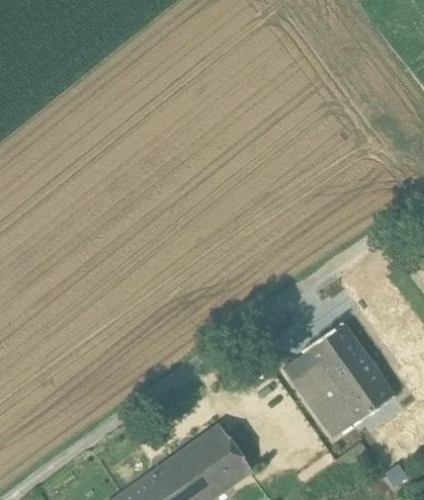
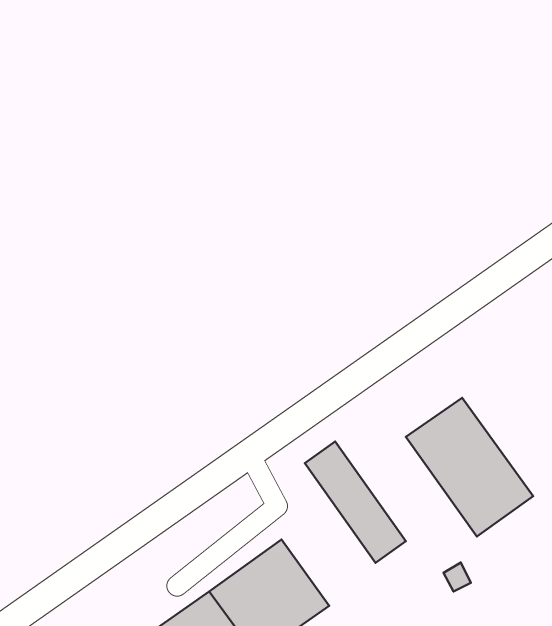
building: [283,353,354,438] -> [305,442,406,563]

